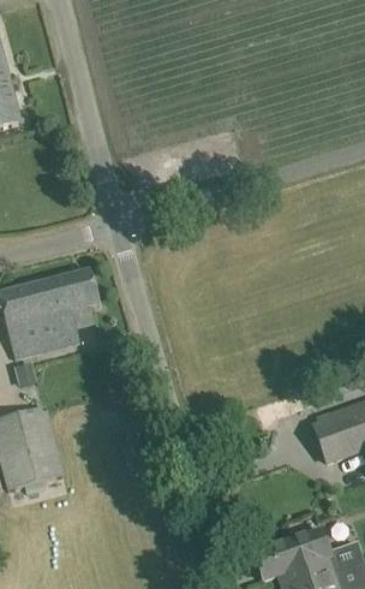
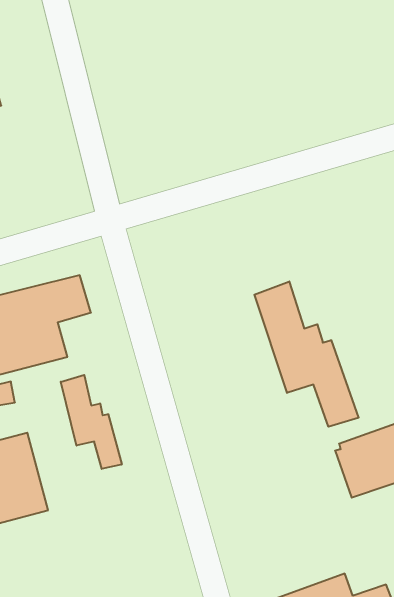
building: none -> [254,281,359,427]
building: none -> [61,375,122,469]

